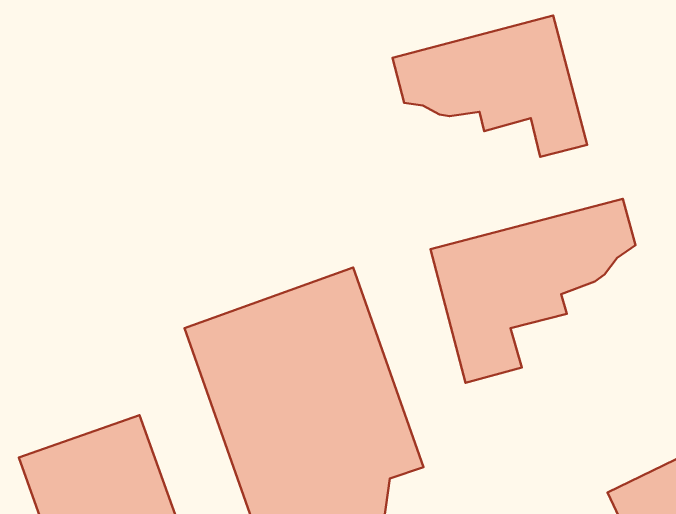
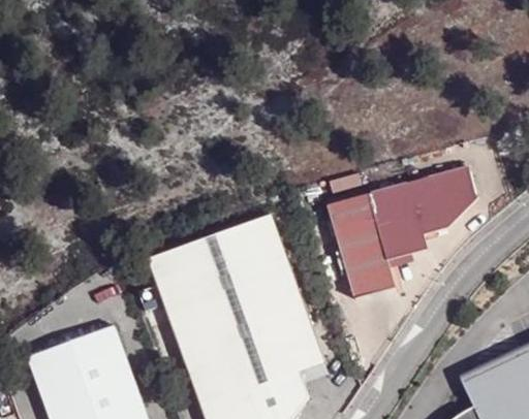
building: [393,15,587,157] -> none

